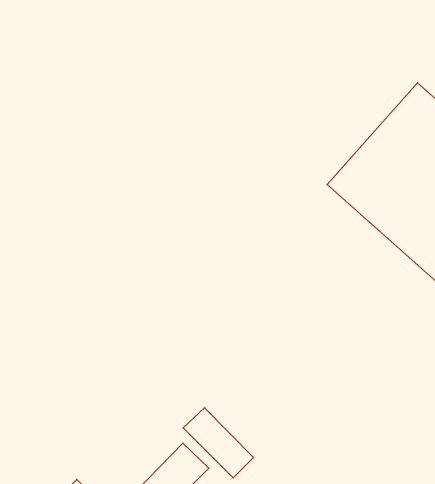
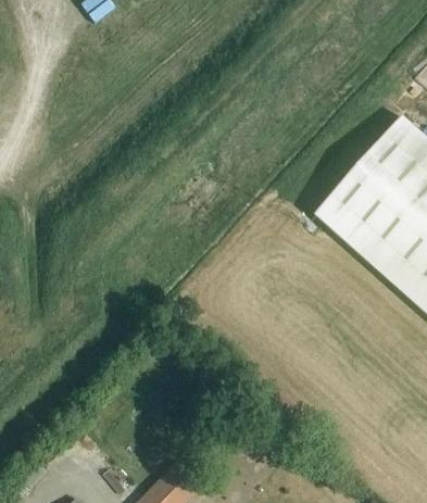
building: [183,408,253,478] -> none

